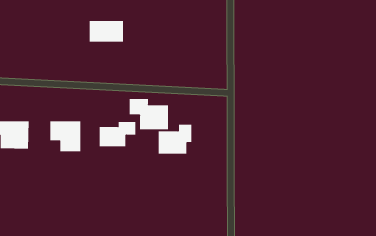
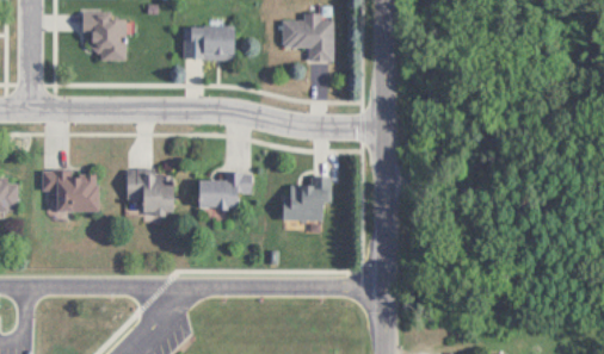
building: none -> [84,13,125,62]
building: none -> [282,17,333,63]
building: [129,98,169,130] -> none

